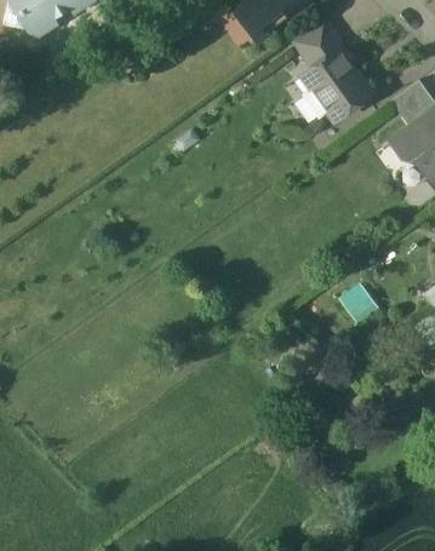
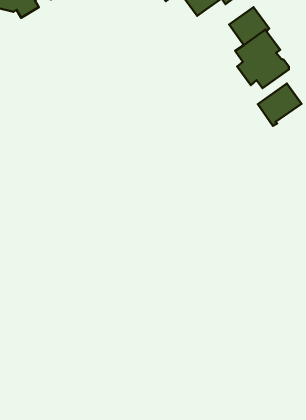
building: none -> [258,84,301,126]

